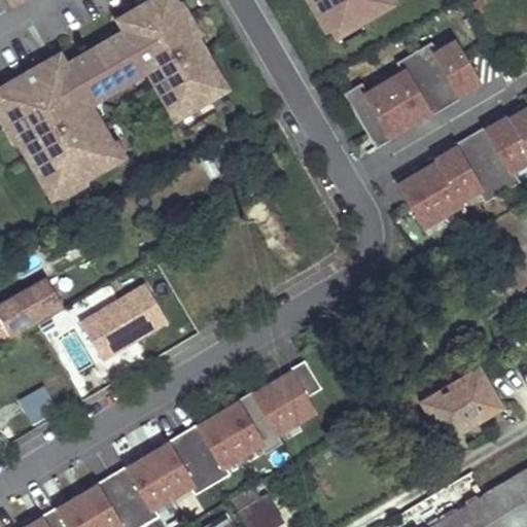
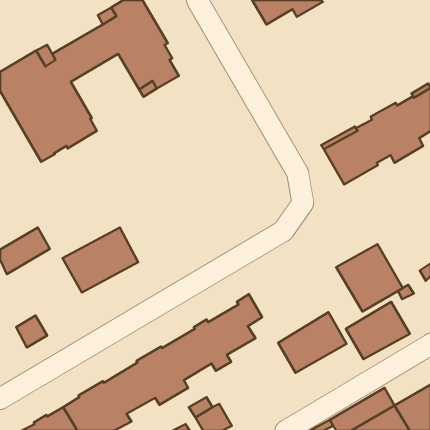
building: [348,38,484,145] -> none
building: none -> [336,244,403,311]
building: none -> [278,312,347,373]

